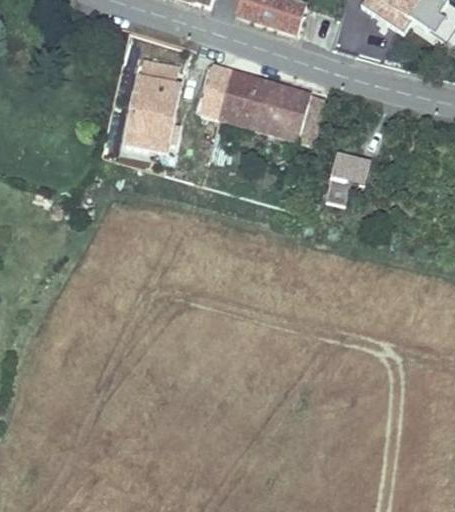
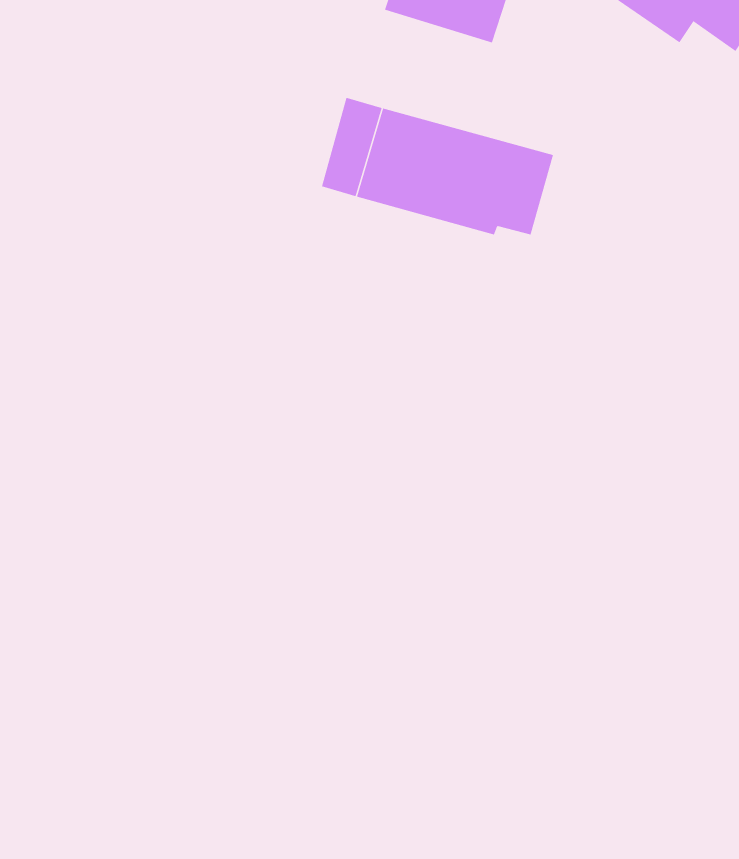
building: [124,55,181,156] -> none
building: [328,153,370,190] -> none

